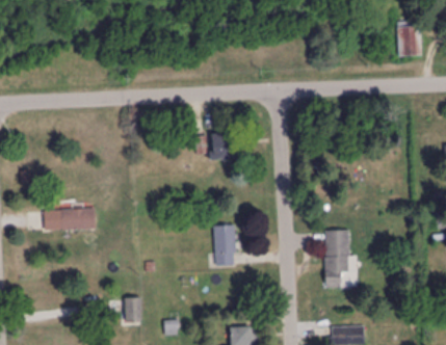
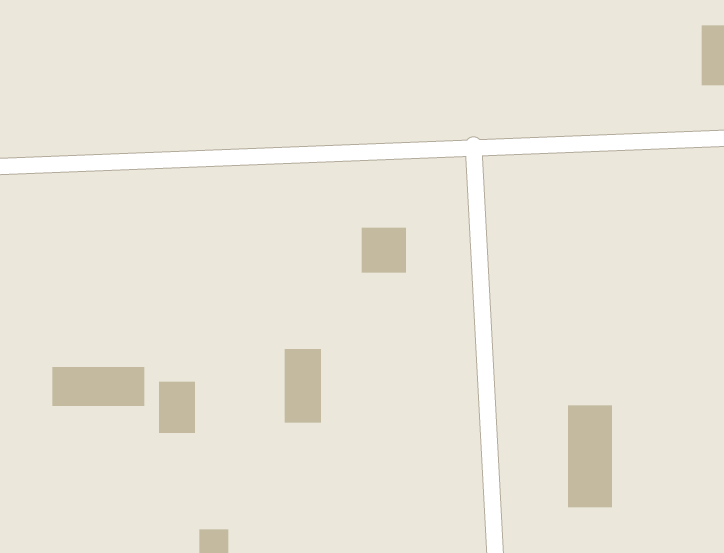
building: none -> [158,381,196,434]
building: [214,224,235,265] -> [284,349,322,423]

